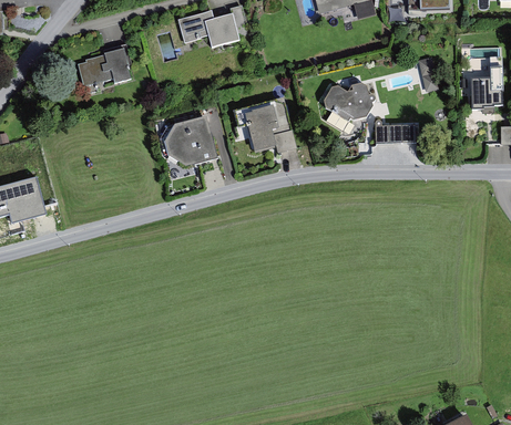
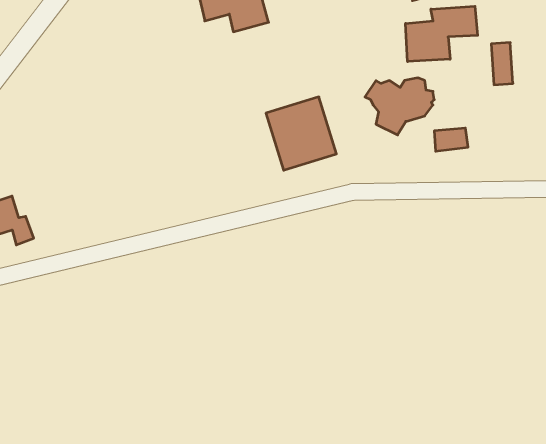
building: none -> [406,6,478,62]
building: [79,43,132,85] -> none
building: [164,115,216,166] -> none

